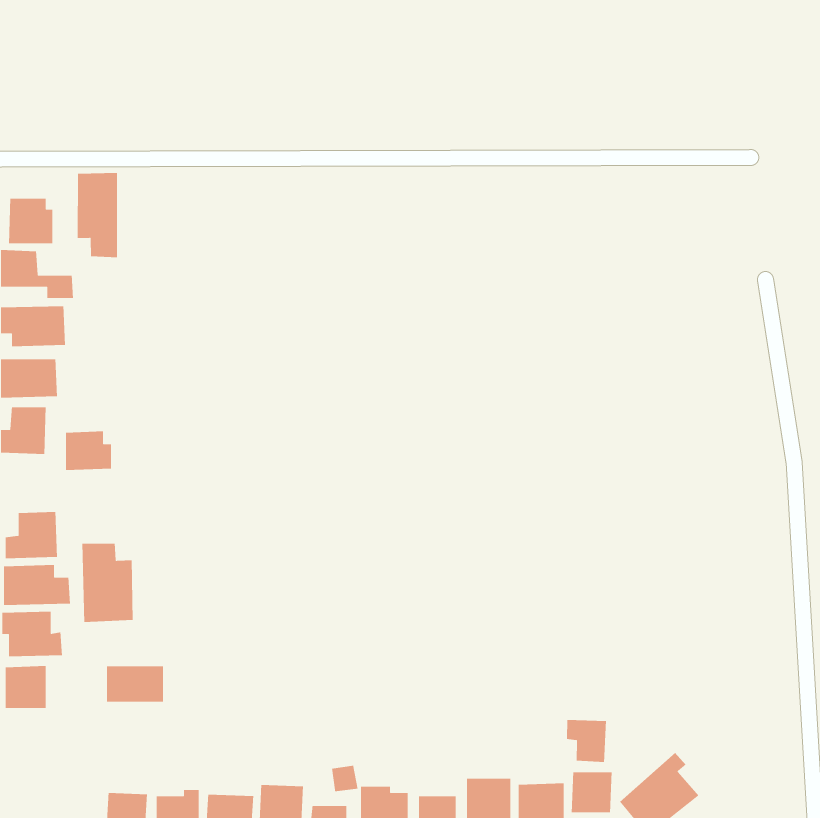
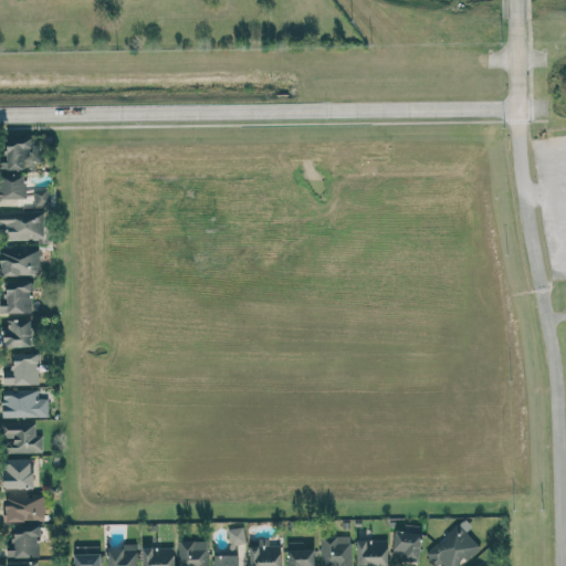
building: [77,172,118,258] -> none
building: [65,431,112,471] -> [6,321,38,348]
building: [81,543,133,623] -> none
building: [106,666,164,703] -> [6,496,45,522]
building: [566,719,607,763] -> none
building: none -> [8,526,41,559]

